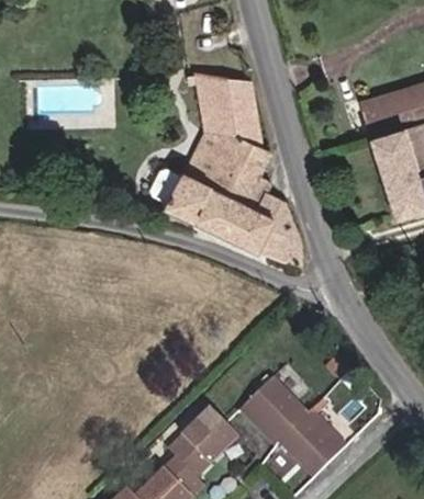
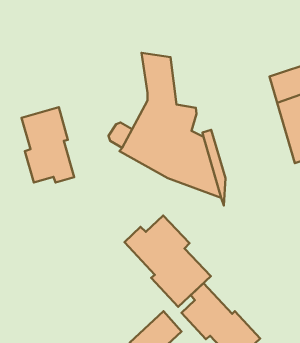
building: [230,79,263,145] -> none
building: none -> [22,107,74,183]
building: none -> [124,215,211,307]

